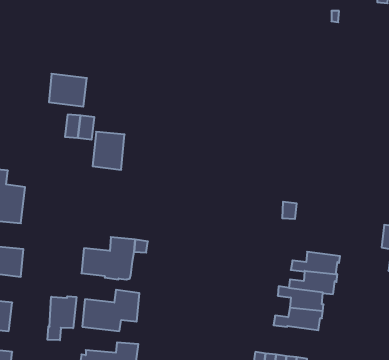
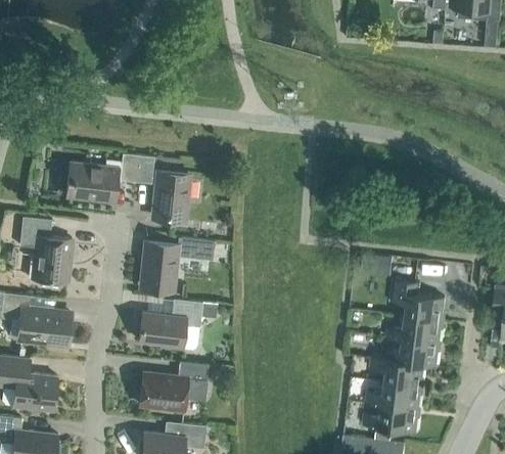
building: [49,74,87,107] -> [71,163,116,201]
building: none -> [140,237,215,288]
building: none -> [392,279,446,321]
building: [47,296,76,340] -> none
building: none -> [364,404,421,432]

